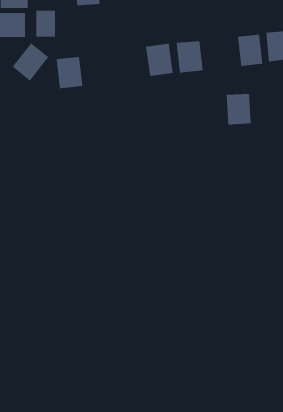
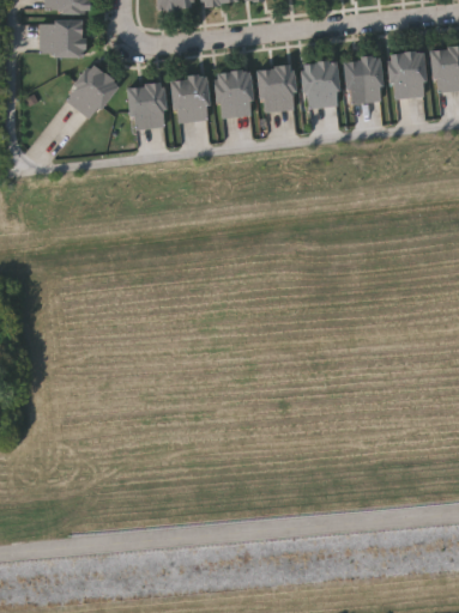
building: [36,10,56,37] -> none
building: none -> [216,71,253,117]
building: none -> [170,75,210,123]
building: [226,94,251,125] -> [345,57,382,103]

